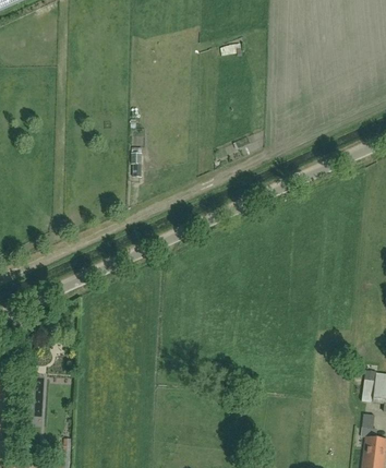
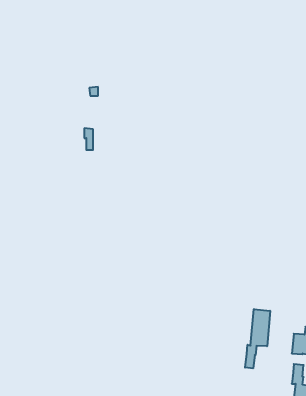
building: none -> [245,309,270,368]

